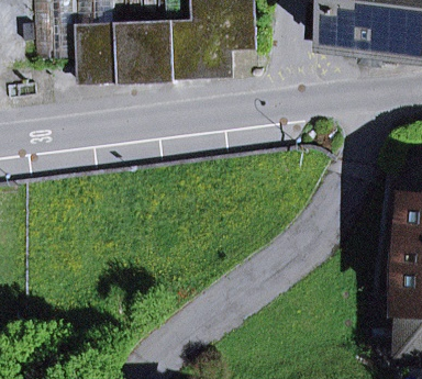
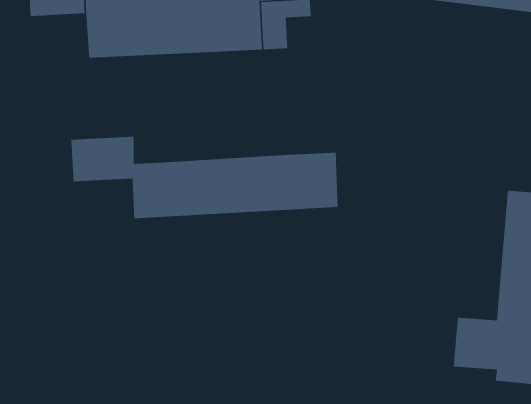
building: none -> [70,136,339,219]

